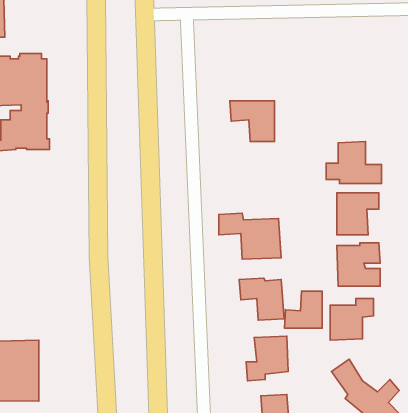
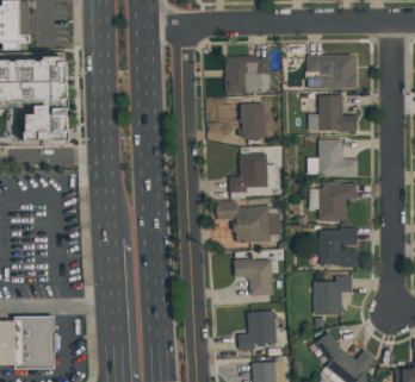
building: none -> [305,55,355,89]
building: none -> [224,60,270,93]
building: none -> [317,95,355,132]
building: none -> [229,152,267,192]
building: [284,291,322,328] -> none

